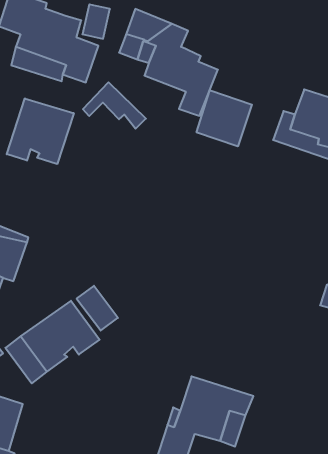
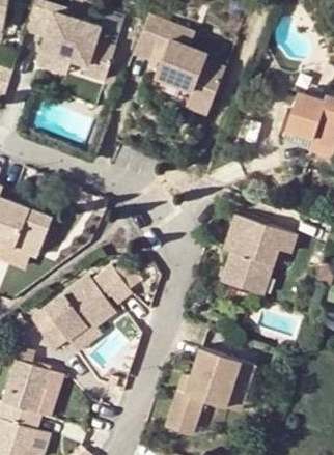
building: [83,82,146,129] -> none
building: [197,90,252,146] -> none
building: [7,98,74,164] -> none
building: none -> [224,210,297,292]

